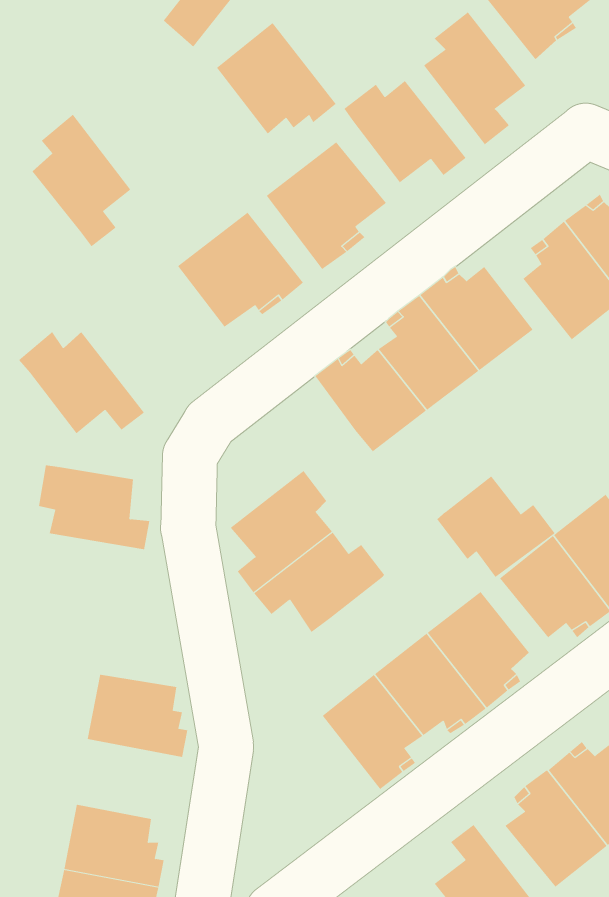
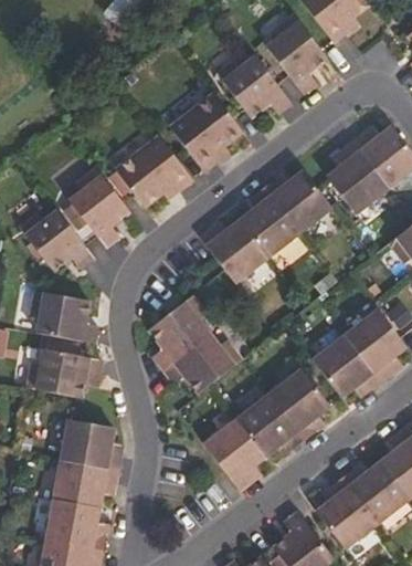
building: [216,22,336,134] -> none
building: [32,114,131,247] -> [68,166,129,248]
building: [436,475,556,578] -> none
building: none -> [27,348,103,398]
building: none -> [53,459,118,507]

